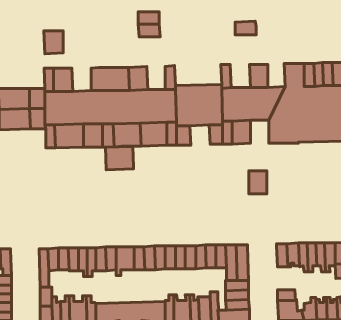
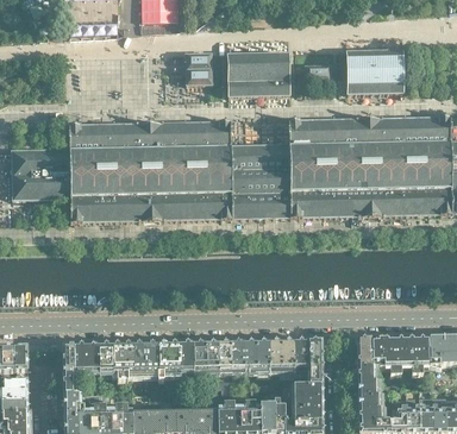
building: none -> [348,48,403,93]
building: none -> [227,51,290,95]
building: [44,31,63,54] -> [104,121,127,150]
building: none -> [346,115,368,145]
building: none -> [300,117,325,145]
building: none -> [196,119,219,147]
building: none -> [250,191,275,216]
building: [105,146,134,170] -> none
building: [249,171,267,194] -> [325,185,348,214]
building: none -> [358,367,377,396]

